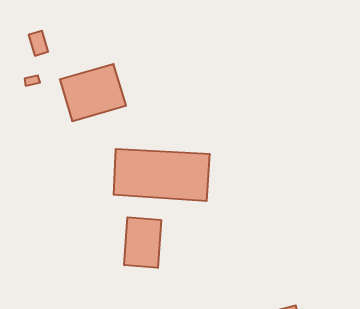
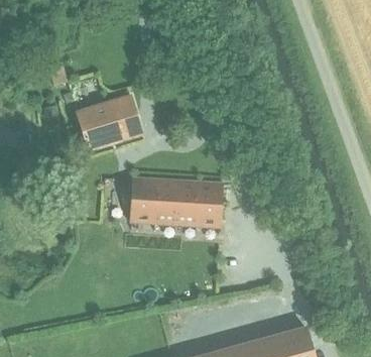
building: [124,217,161,268] -> none

